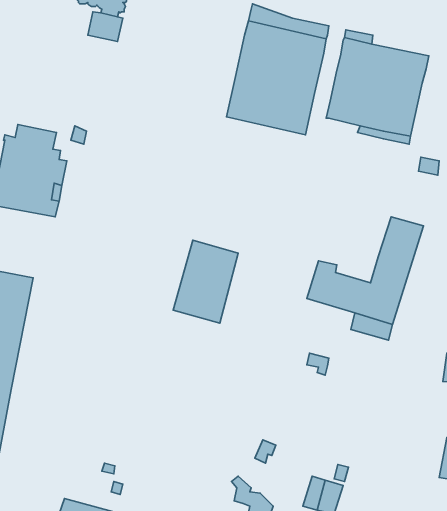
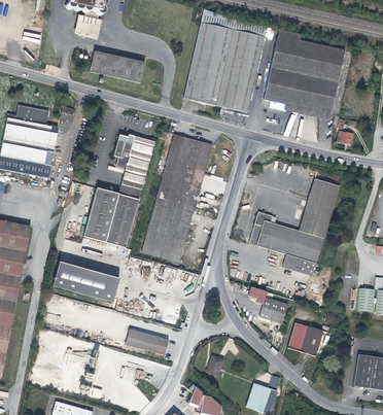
building: none -> [90,51,145,82]
building: none -> [83,134,155,247]
building: none -> [158,134,211,206]
building: none -> [54,261,120,301]
building: none -> [263,297,287,320]
building: none -> [293,321,321,353]
building: none -> [125,328,168,356]

